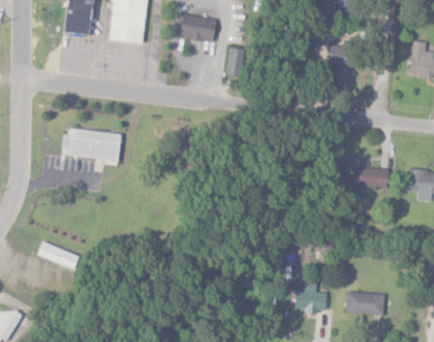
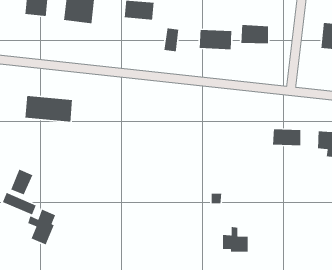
building: none -> [199,29,232,50]
building: none -> [10,169,34,196]
building: none -> [27,209,56,245]
building: [347,292,385,313] -> none

